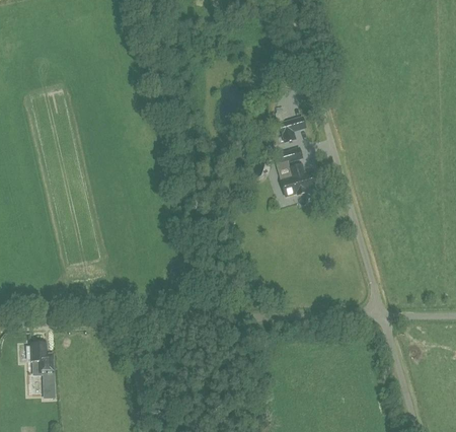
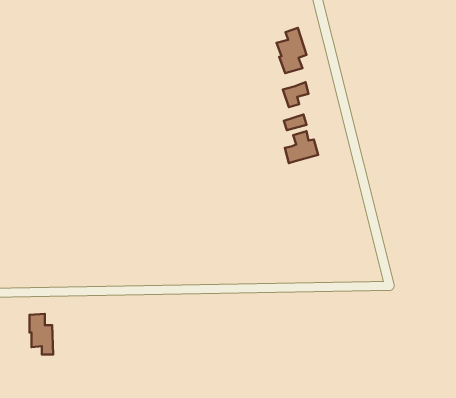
building: none -> [277,28,307,73]

